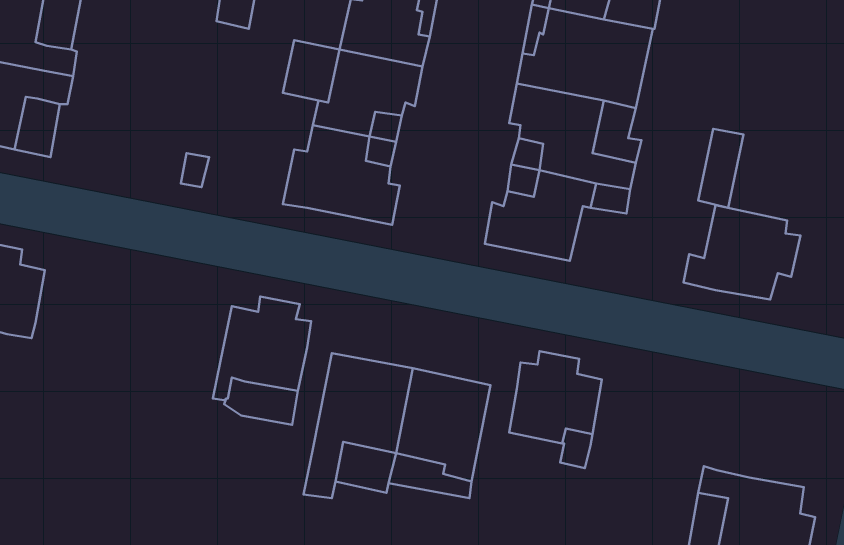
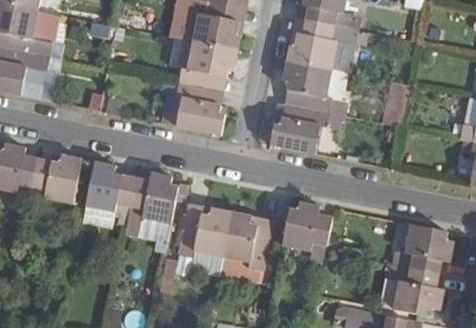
building: [683,205,801,300] -> [393,224,455,274]
building: none -> [30,155,82,204]
building: none -> [87,162,136,227]

